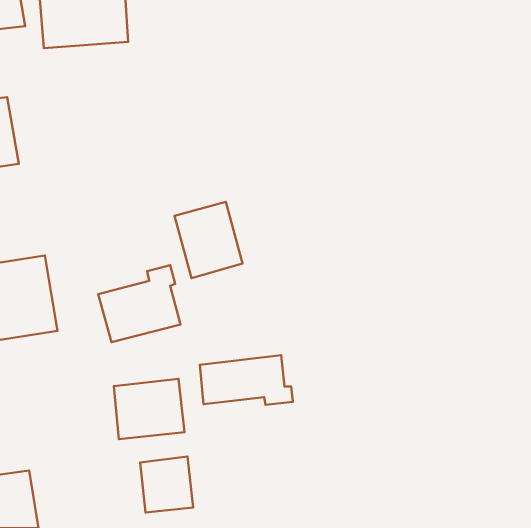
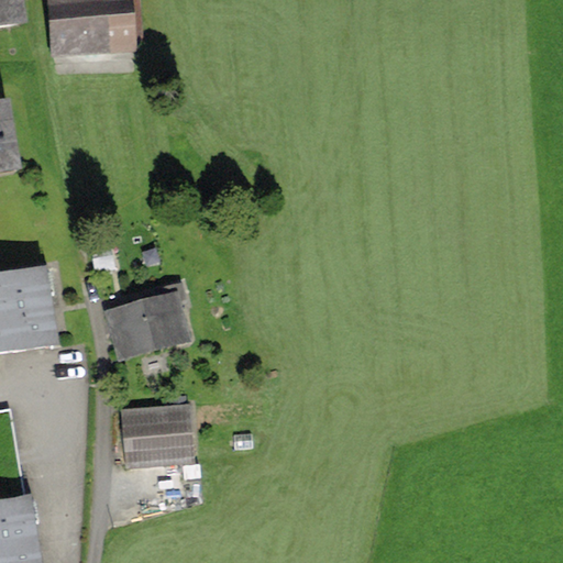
building: [174,202,243,278] -> none
building: [200,355,293,405] -> none
building: [140,457,193,512] -> none

